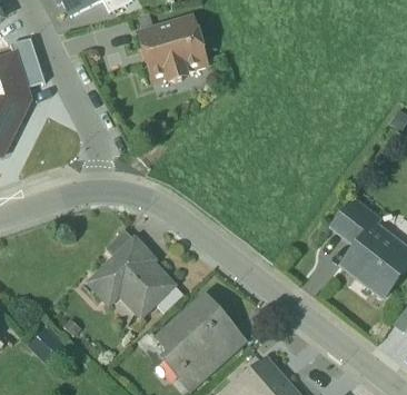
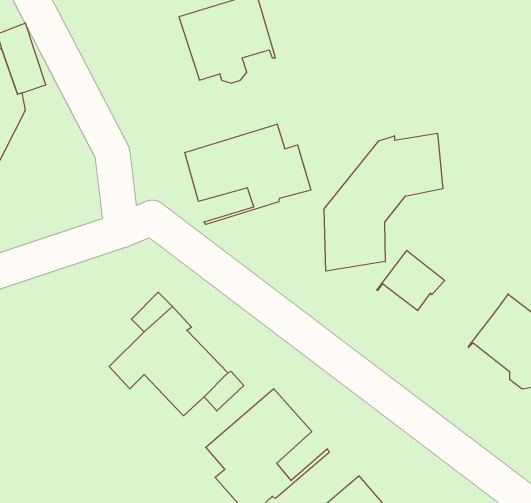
building: none -> [185,124,311,224]
building: none -> [324,133,443,271]
building: [331,198,379,240] -> [377,250,445,311]

